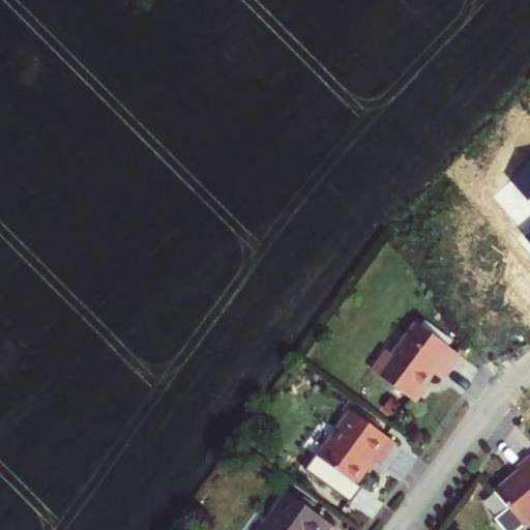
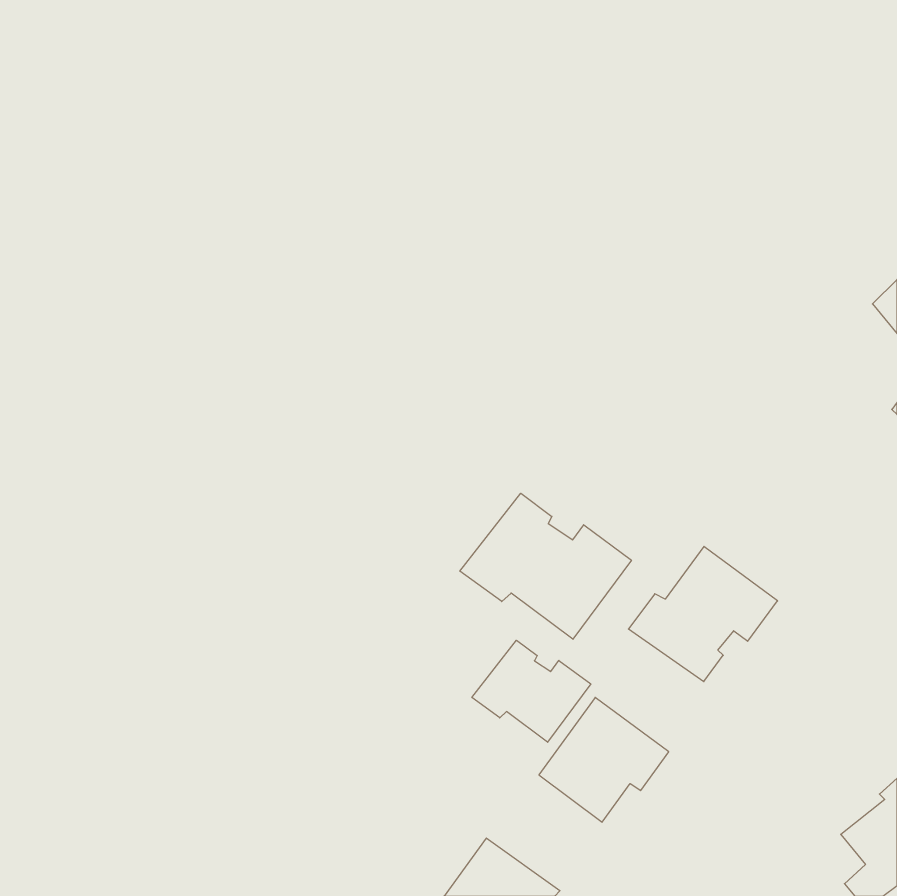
building: none -> [460,493,631,639]
building: none -> [472,640,591,742]

